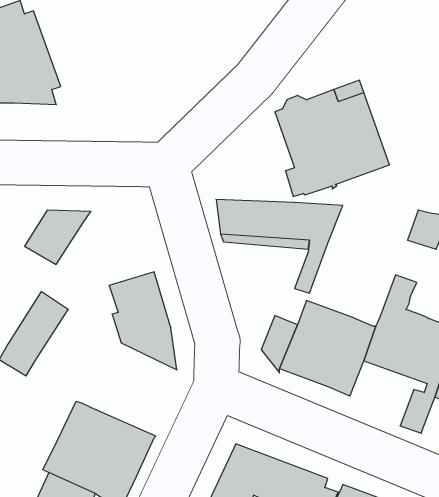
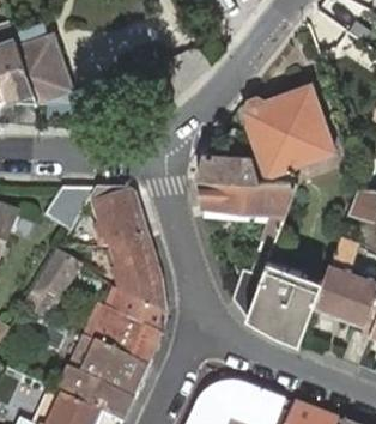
building: none -> [195,151,257,181]
building: none -> [90,188,146,247]
building: none -> [89,287,164,367]

